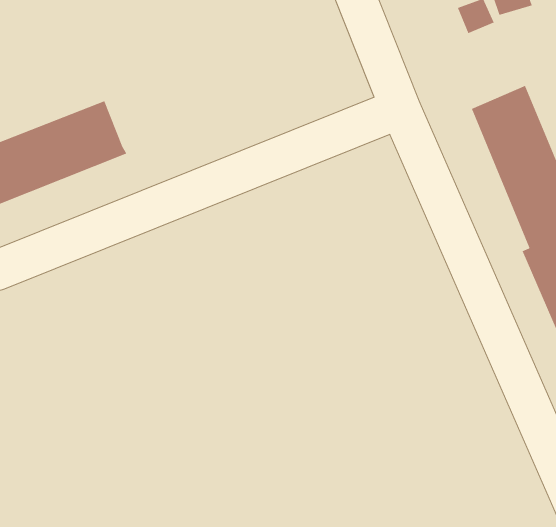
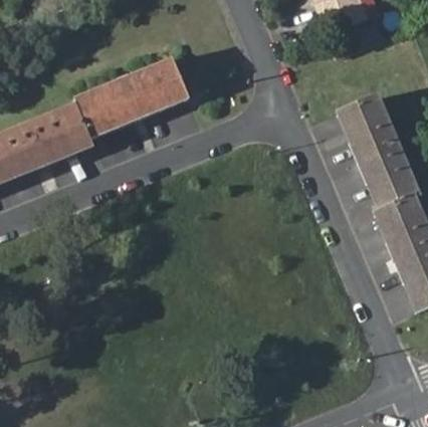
building: none -> [74,59,189,139]

